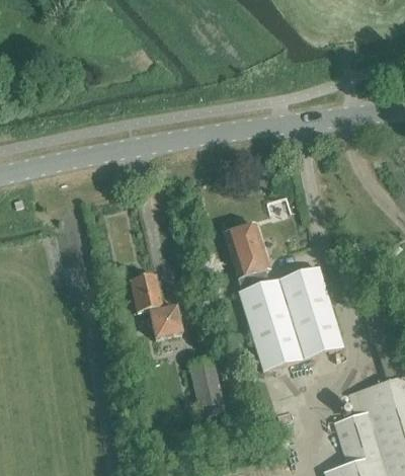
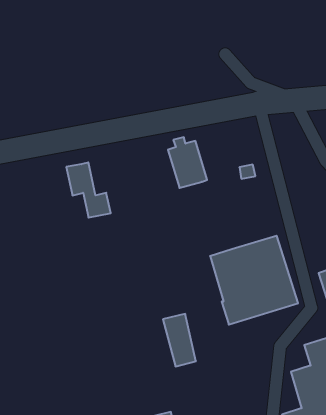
building: [224,222,268,280] -> [168,137,207,188]
building: [130,277,180,340] -> [66,162,111,218]

